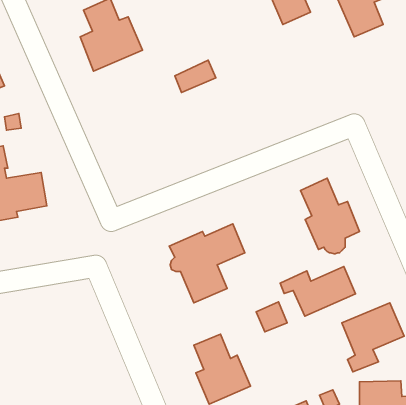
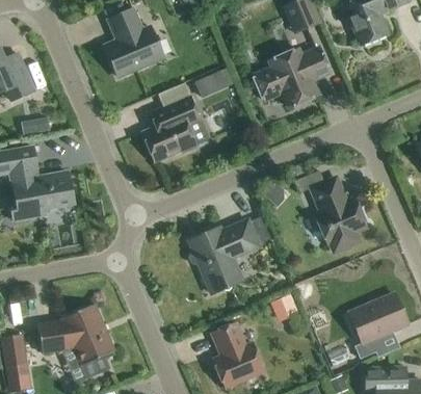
building: none -> [254,47,330,107]
building: none -> [141,96,208,161]
building: [280,267,355,316] -> none
building: none -> [37,304,115,382]

